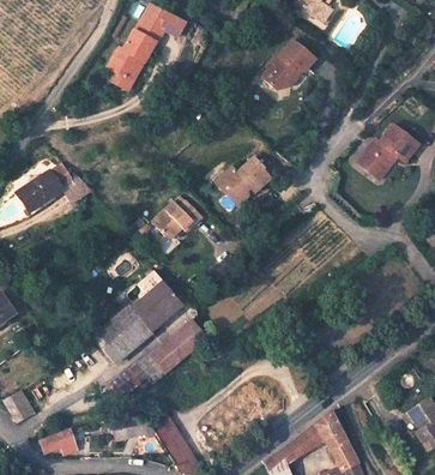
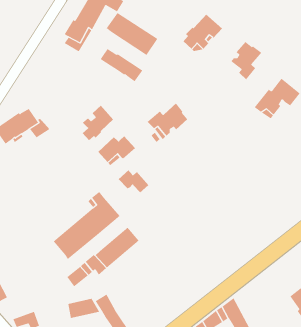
building: none -> [106,12,158,56]
building: none -> [231,41,262,80]
building: none -> [100,48,143,82]
building: none -> [82,105,114,141]
building: none -> [118,170,149,193]

